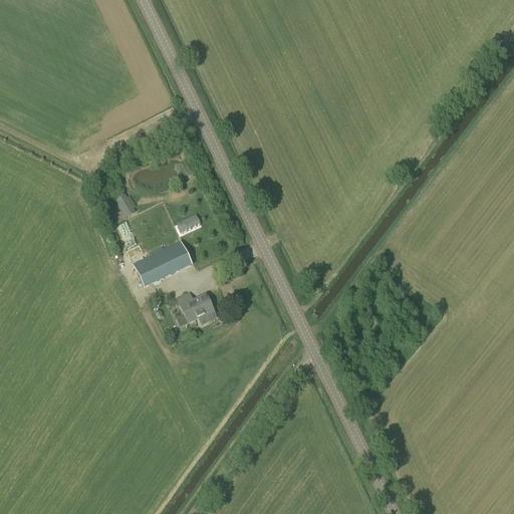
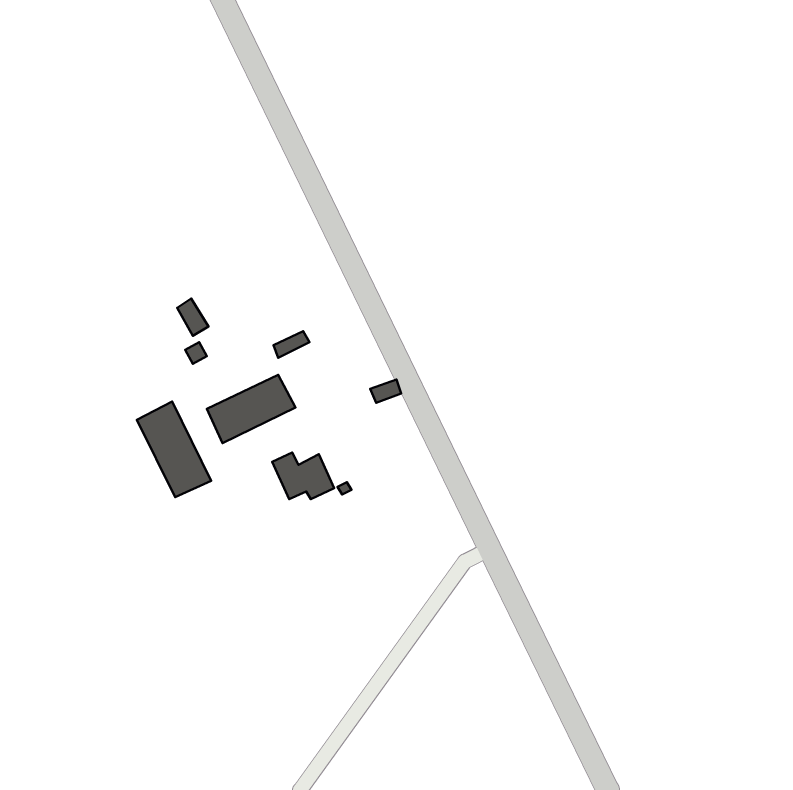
building: none -> [137,401,211,497]

